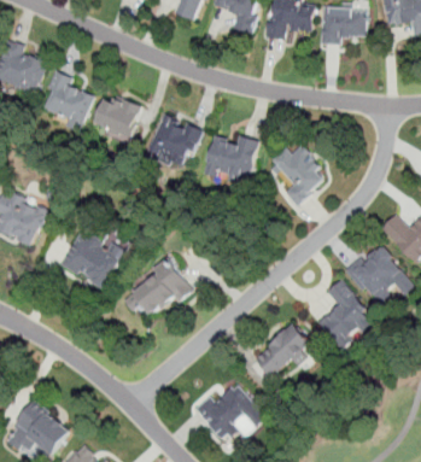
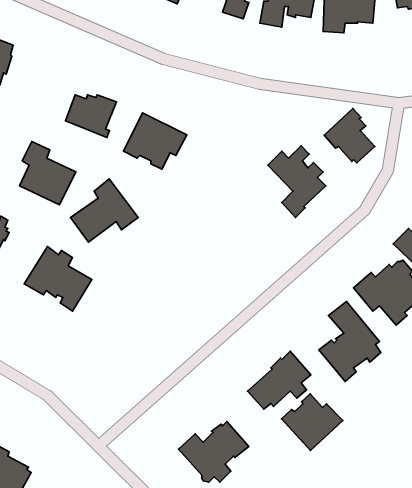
building: [43,70,93,125] -> [19,142,76,205]
building: none -> [324,108,375,163]
building: [201,134,256,182] -> none
building: [131,257,191,312] -> [71,179,138,242]
building: none -> [281,394,343,450]

